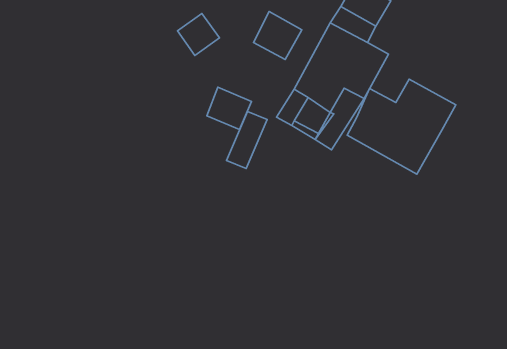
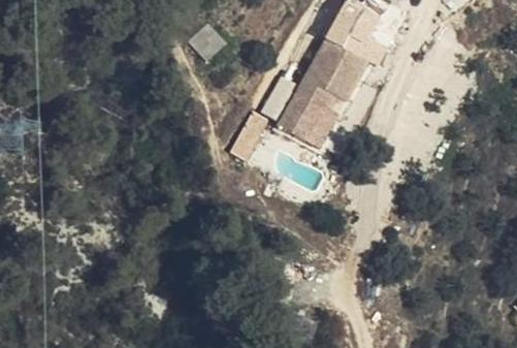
building: [253,12,302,60] -> none
building: [347,79,456,174] -> none
building: [207,87,252,129] -> none

